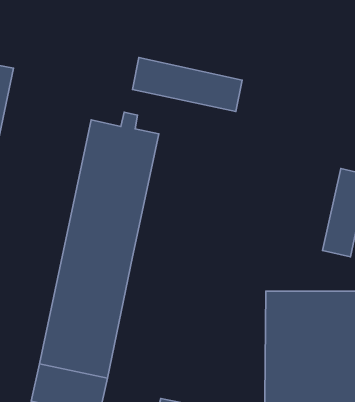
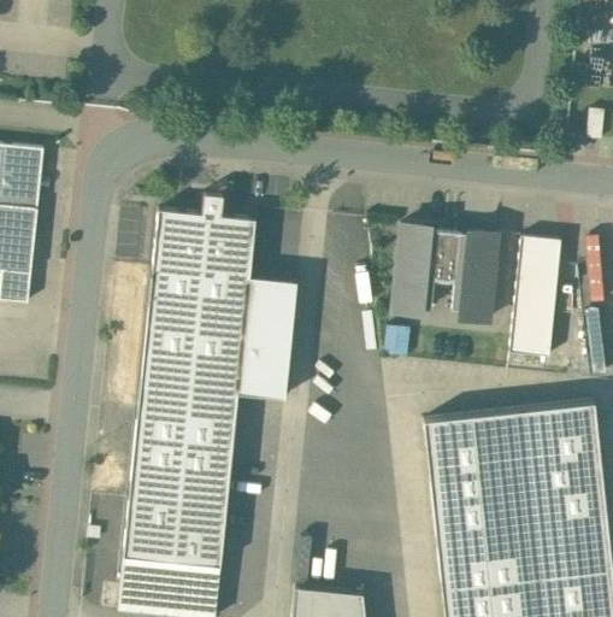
building: [132,58,242,111] -> none
building: none -> [393,224,497,322]
building: none -> [237,277,296,399]

